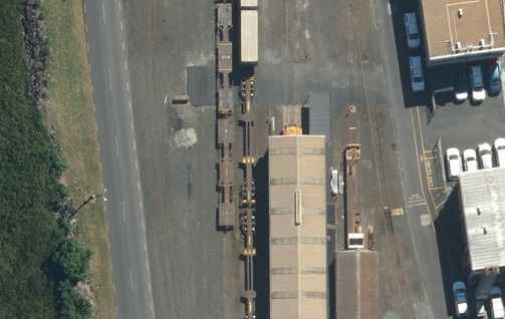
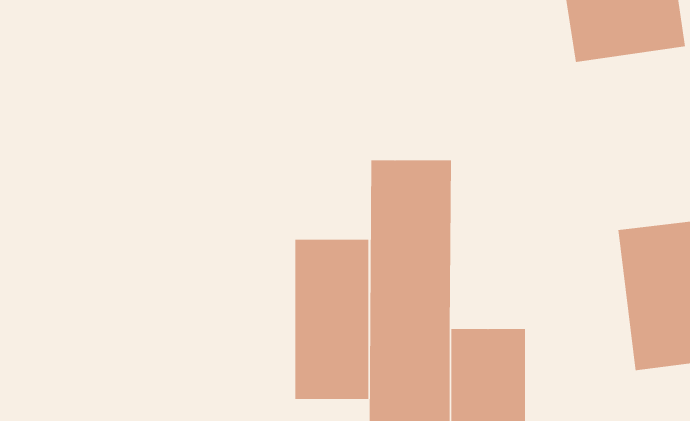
building: none -> [295,239,369,400]

